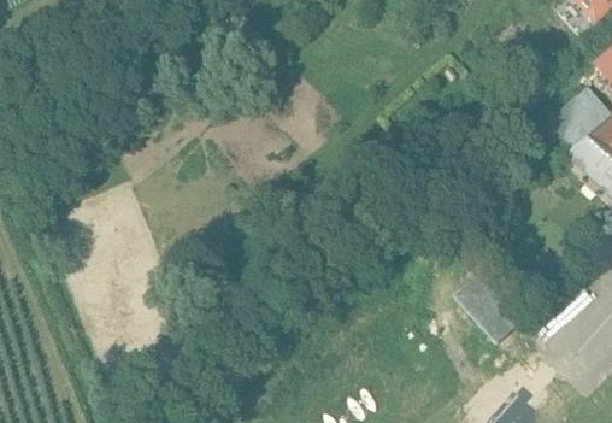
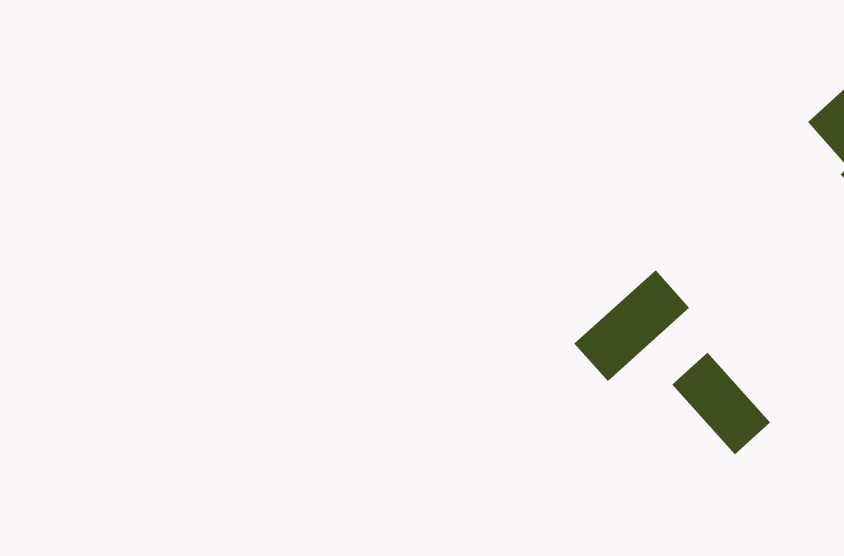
building: none -> [574,270,690,382]

